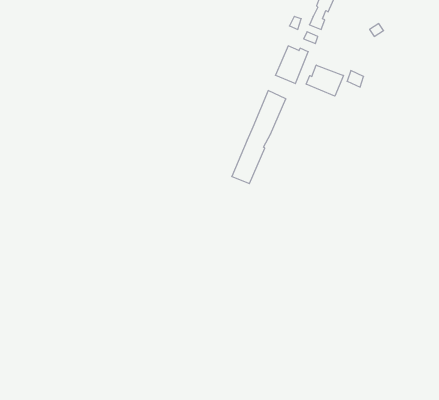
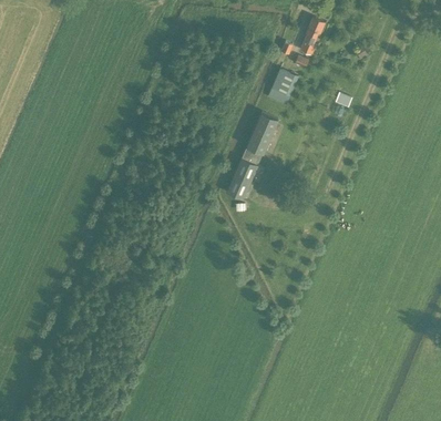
building: [306,65,343,96] -> none

